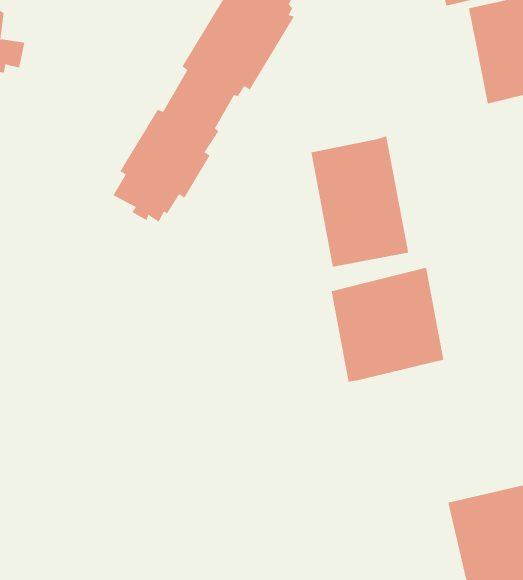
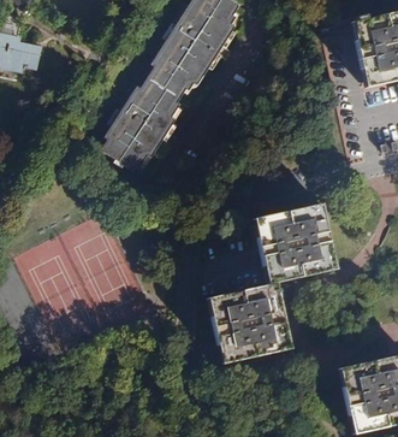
building: [311,135,409,268] -> none
building: none -> [210,282,292,362]

